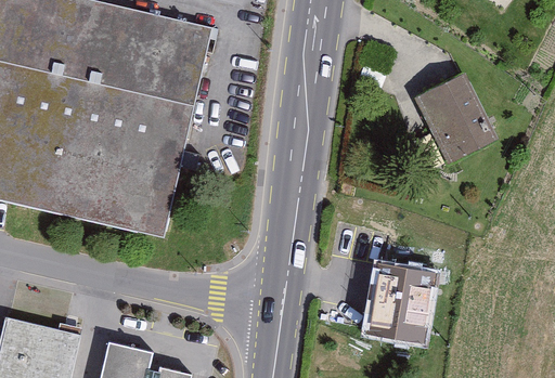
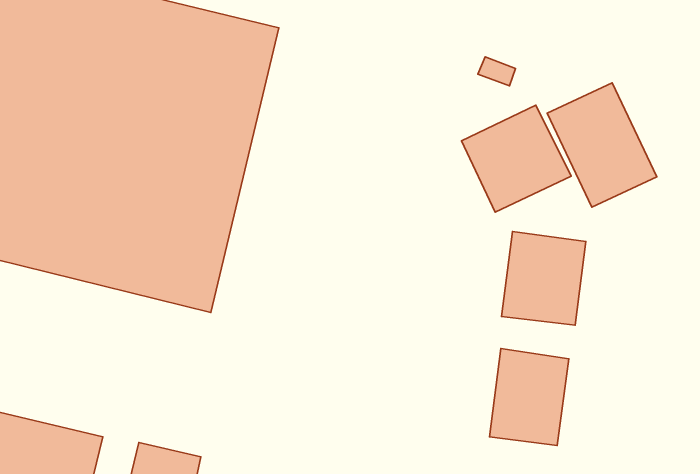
building: none -> [462,105,571,212]
building: none -> [502,232,586,325]

